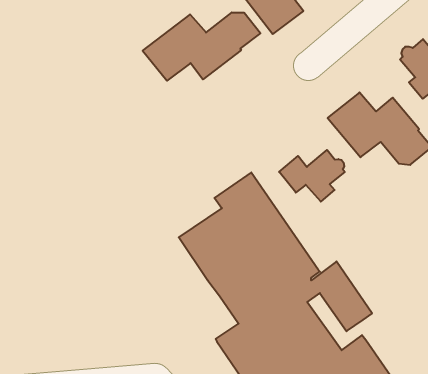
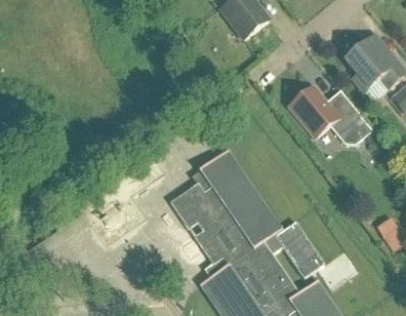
building: [143,12,260,81] -> none
building: [279,150,345,202] -> none

